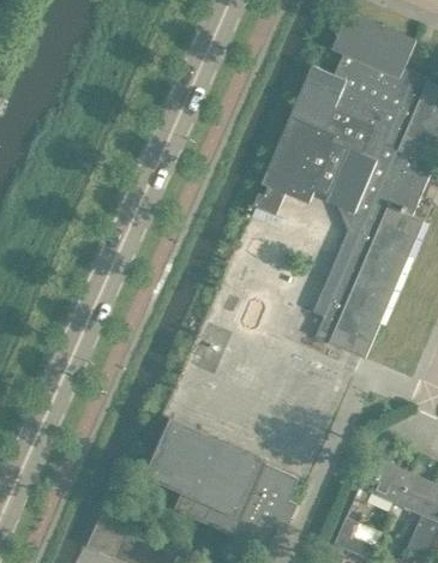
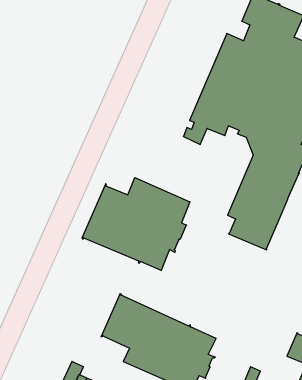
building: none -> [82,178,190,271]
building: [367,460,407,503] -> none

